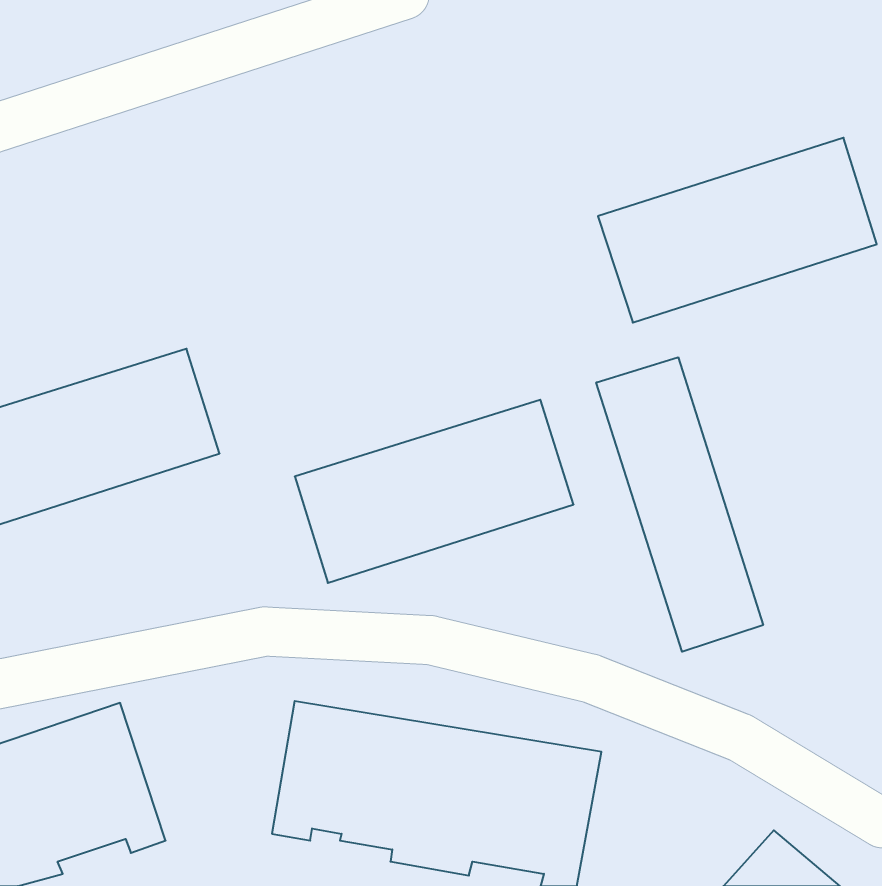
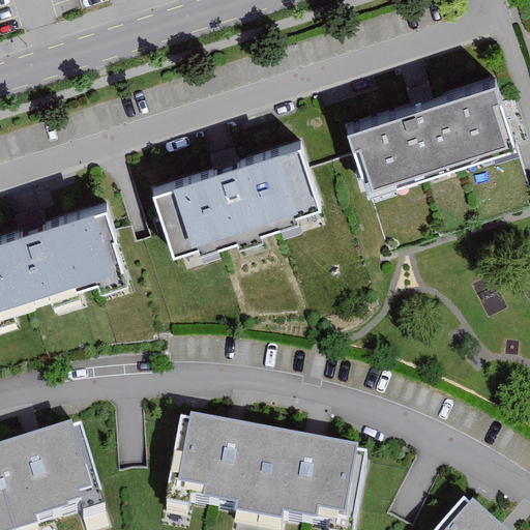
building: [596,357,763,652] -> none
building: [295,400,574,583] -> [156,145,322,254]

